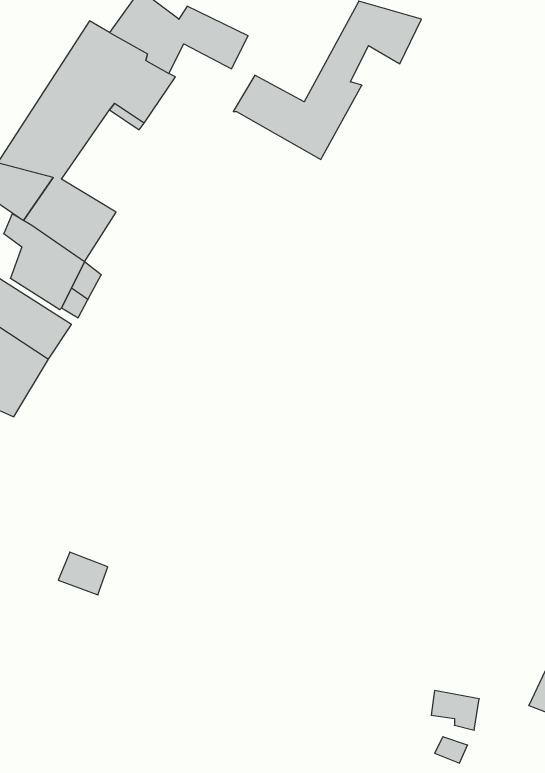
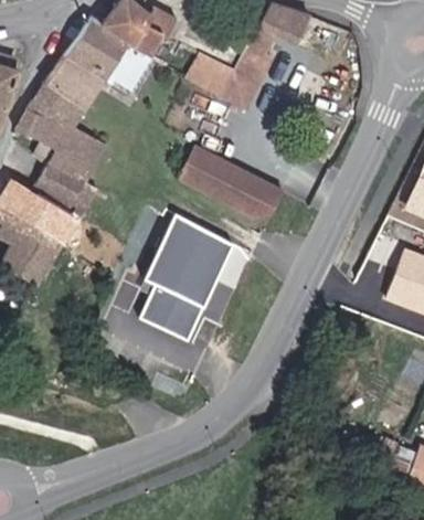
building: none -> [176,145,283,219]
building: none -> [138,214,234,339]

